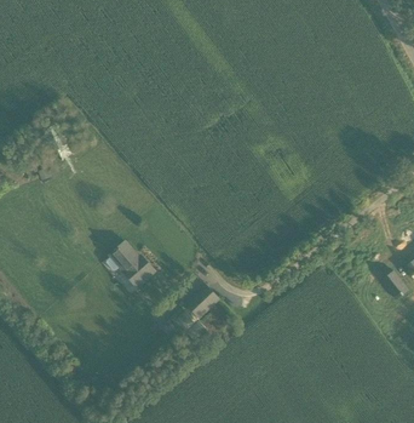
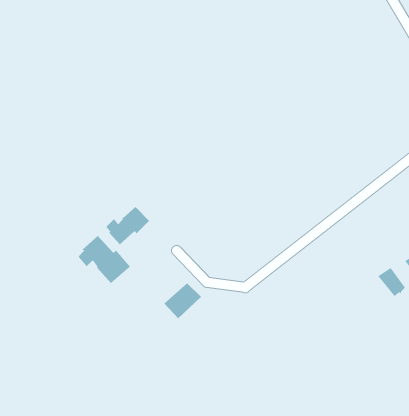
building: none -> [106,206,150,245]

